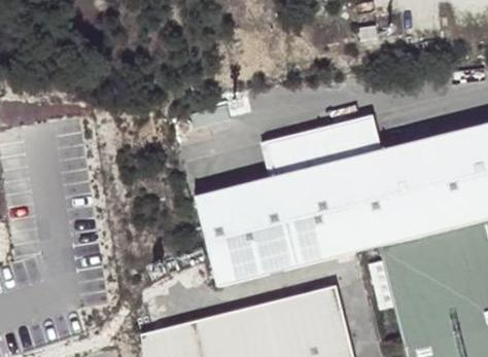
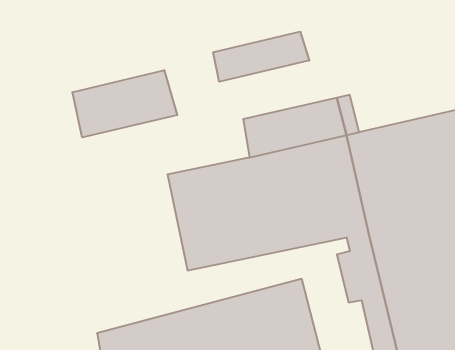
building: none -> [213,32,309,82]
building: none -> [72,70,177,137]

